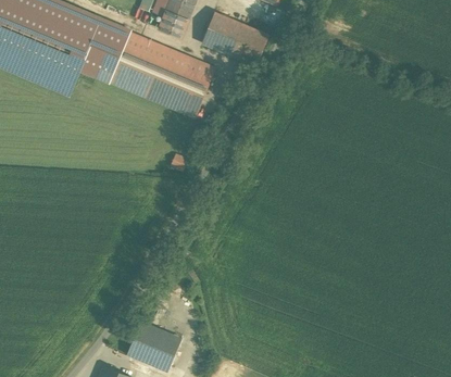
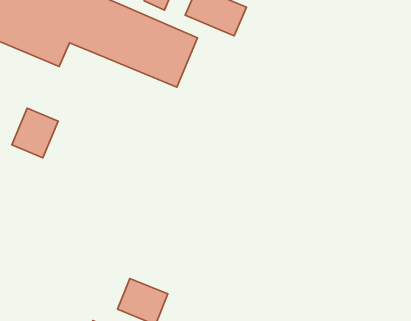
building: none -> [12,108,58,158]

